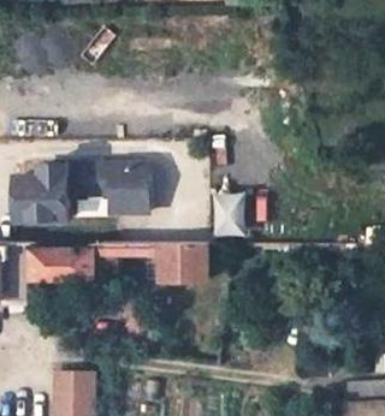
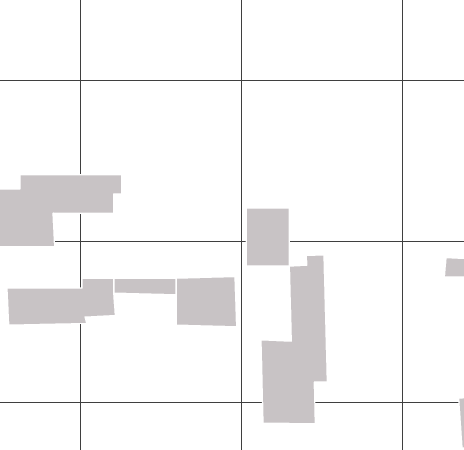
building: [118,167,154,220] -> none
building: none -> [261,255,327,424]

